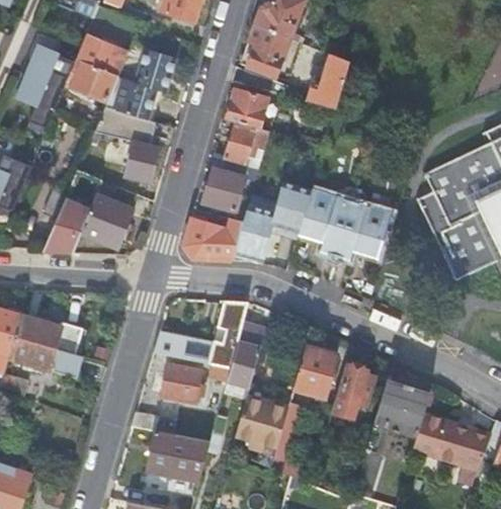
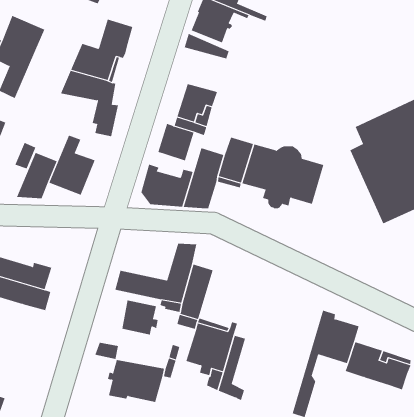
building: [66,33,129,101] -> none
building: [286,55,349,108] -> none
building: [225,88,268,128] -> none
building: [294,345,336,398] -> none
building: [332,364,374,419] -> none

